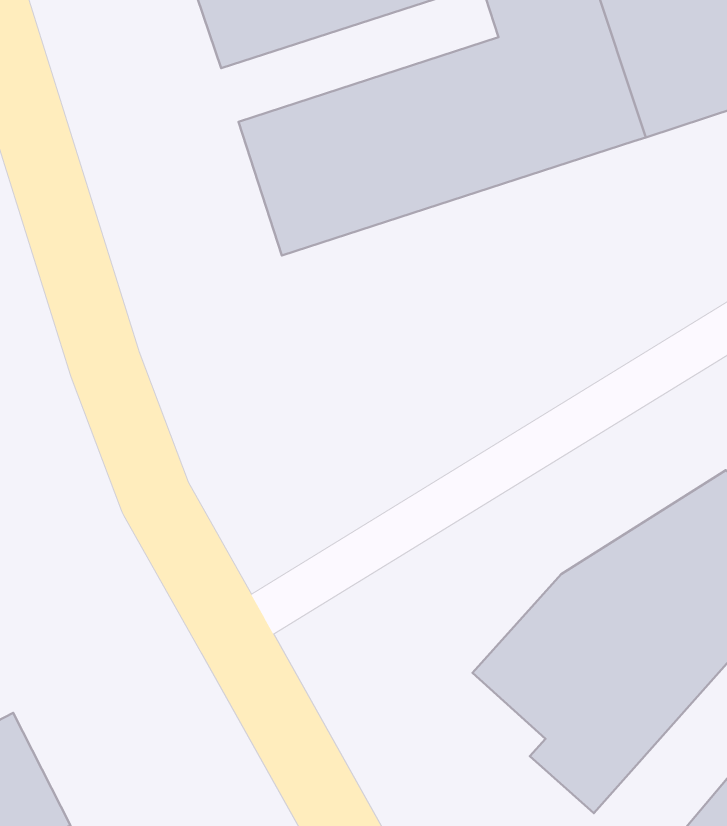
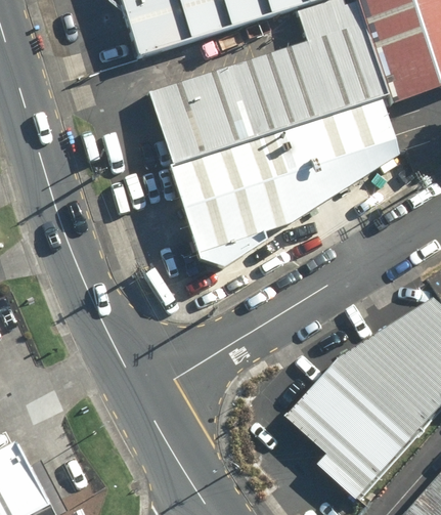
building: none -> [173,103,398,251]

